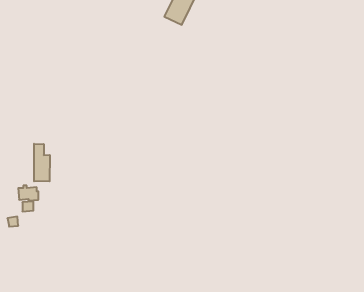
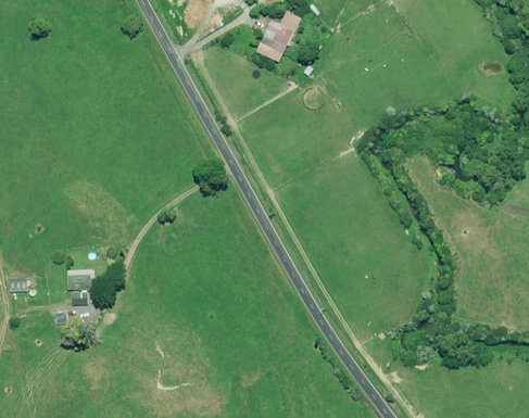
building: [34,144,50,181] -> none

